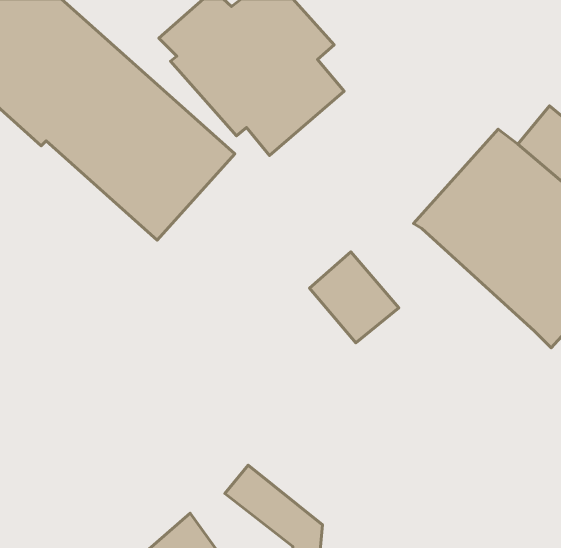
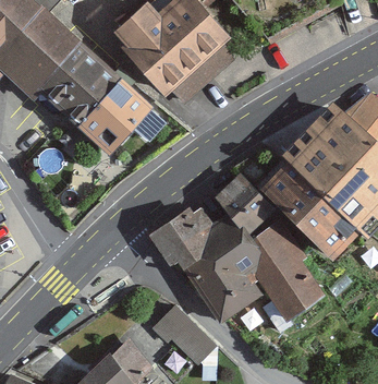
building: none -> [256,154,357,252]
building: none -> [149,209,318,322]

